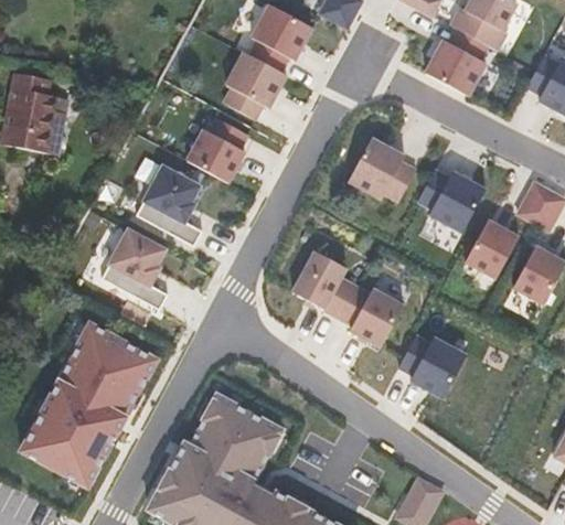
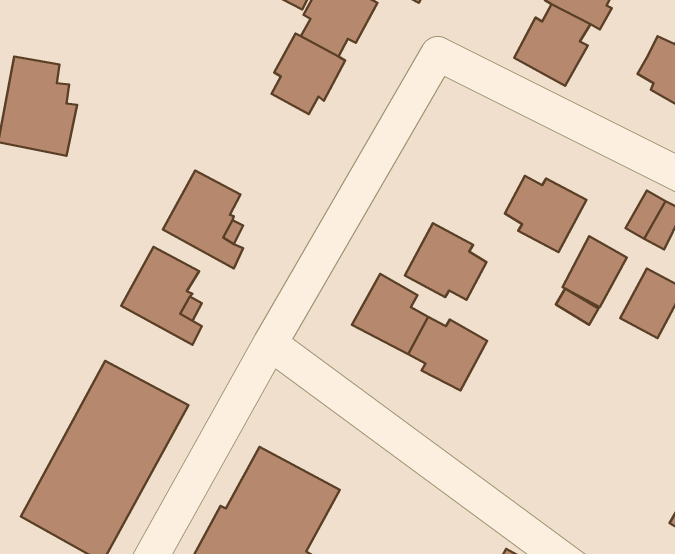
building: [186,117,247,181] -> none
building: [348,138,415,201] -> [405,223,487,300]
building: [398,335,465,397] -> none

